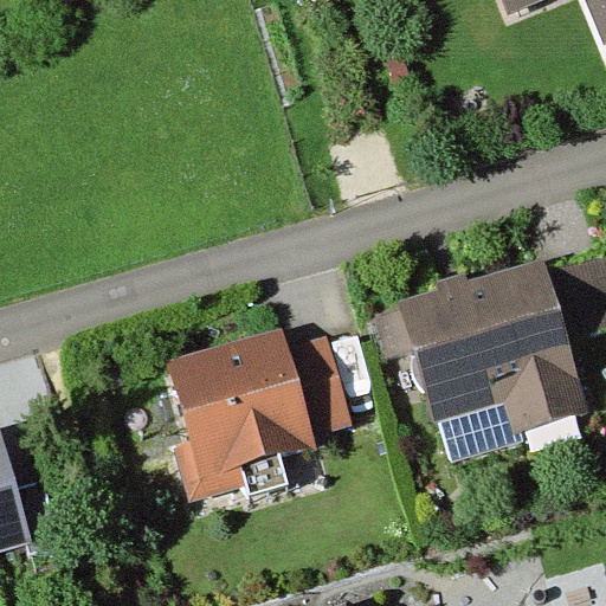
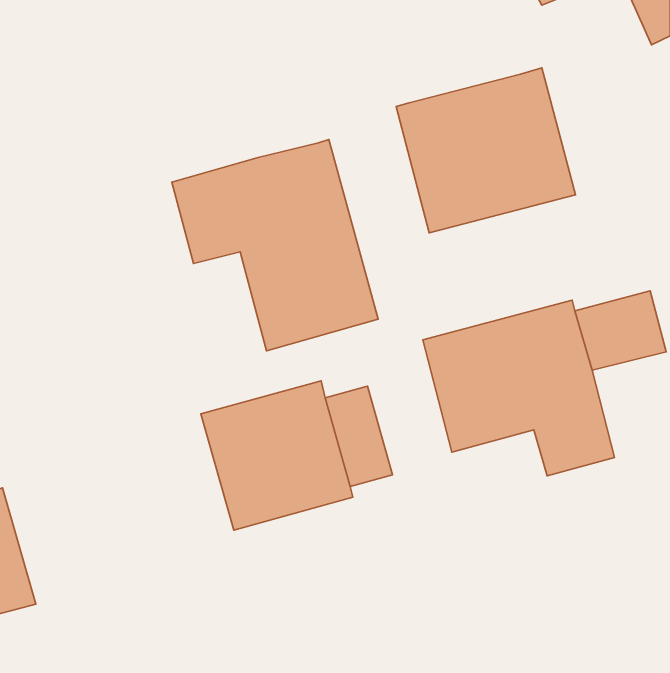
building: none -> [396,68,575,233]
building: none -> [172,140,378,351]

